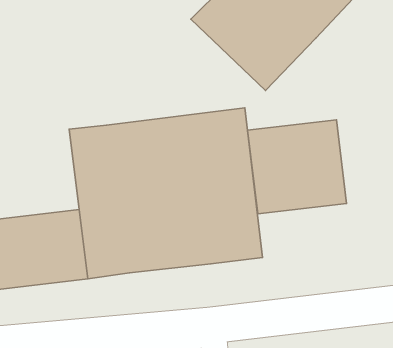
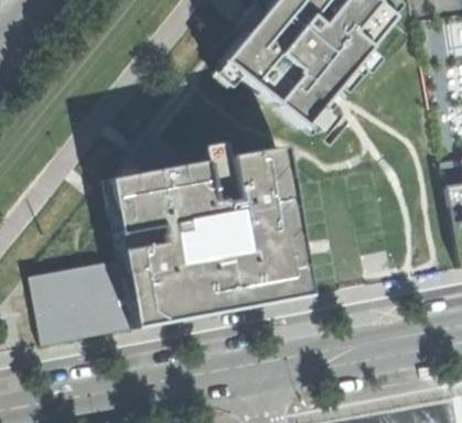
building: [248,120,347,214] -> none

